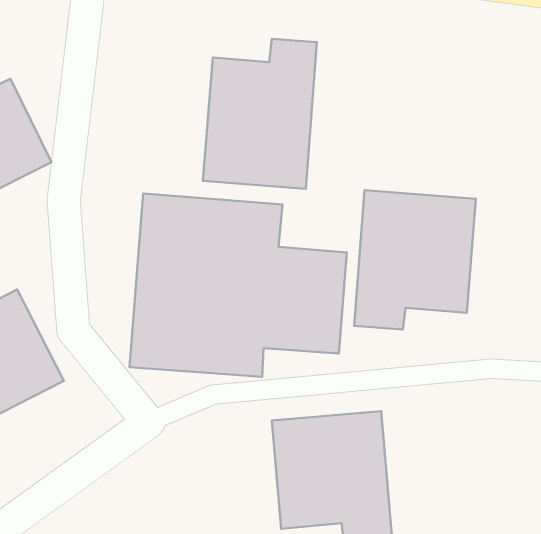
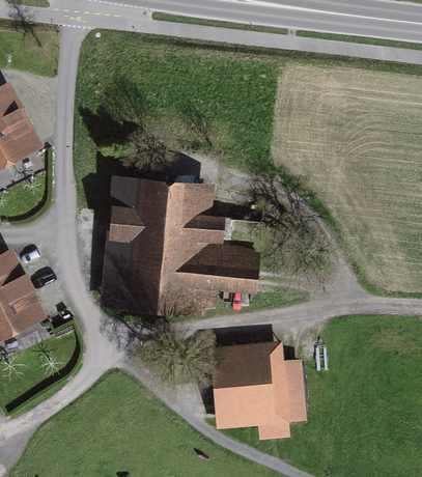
building: [203,39,317,189] -> none
building: [354,190,476,330] -> none

